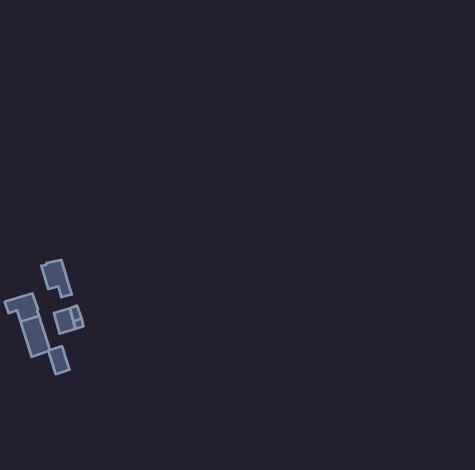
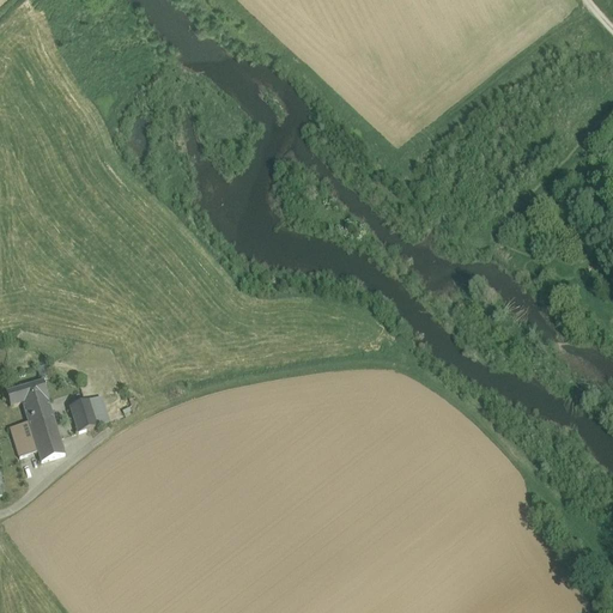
building: [41,260,72,297] -> none
building: [48,346,70,374] -> [10,419,37,455]

